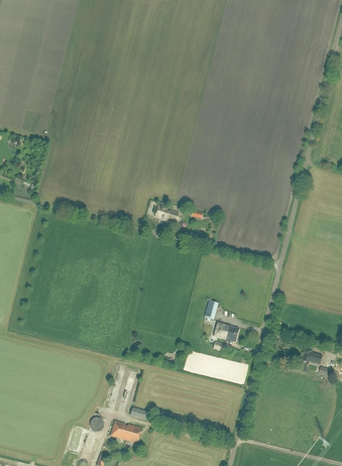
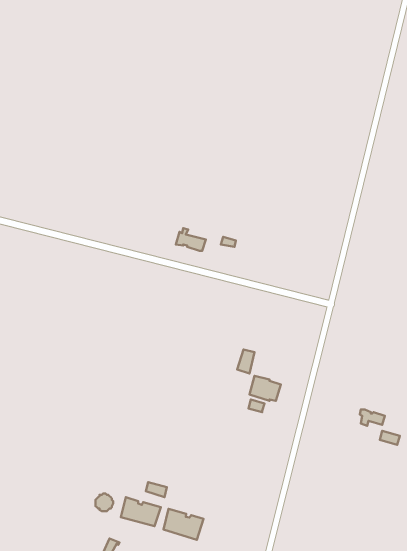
building: none -> [164,509,204,540]

